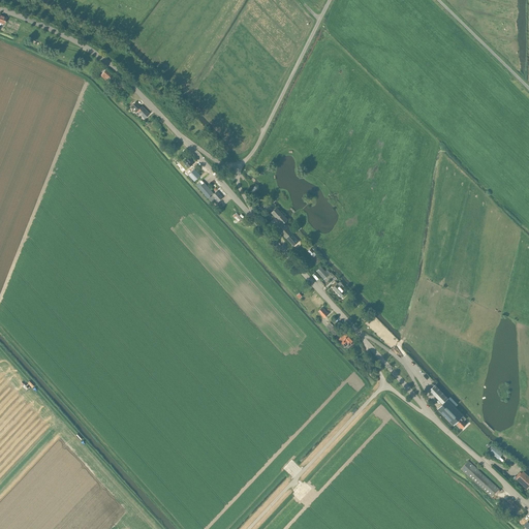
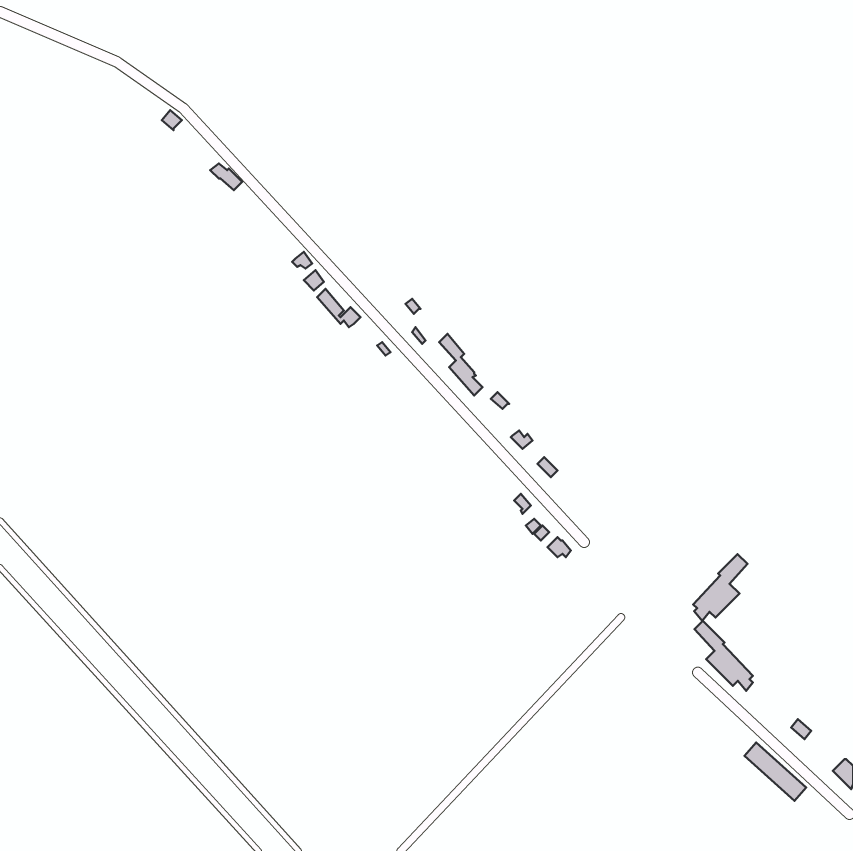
building: none -> [693,554,747,621]

